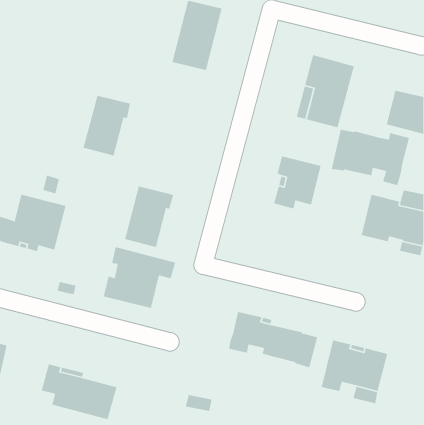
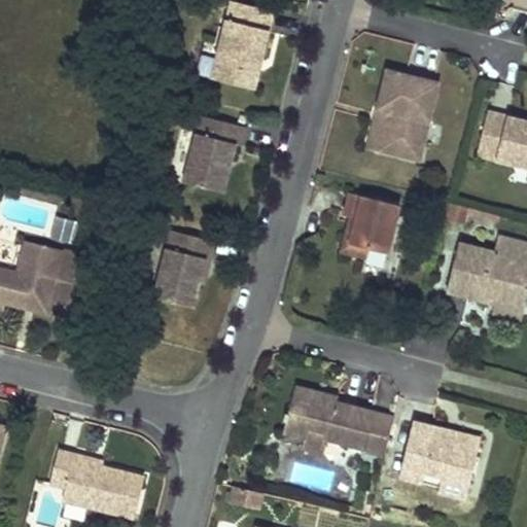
building: [83,95,131,156] -> [183,114,243,190]
building: [331,129,410,186] -> none
building: [103,246,176,309] -> none

